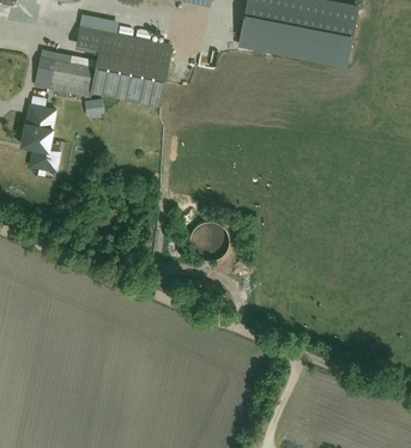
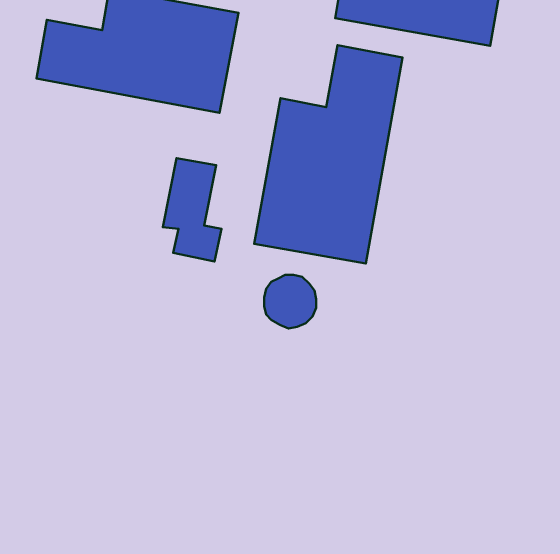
building: none -> [254,45,403,264]
building: [19,103,60,175] -> [163,158,221,262]

